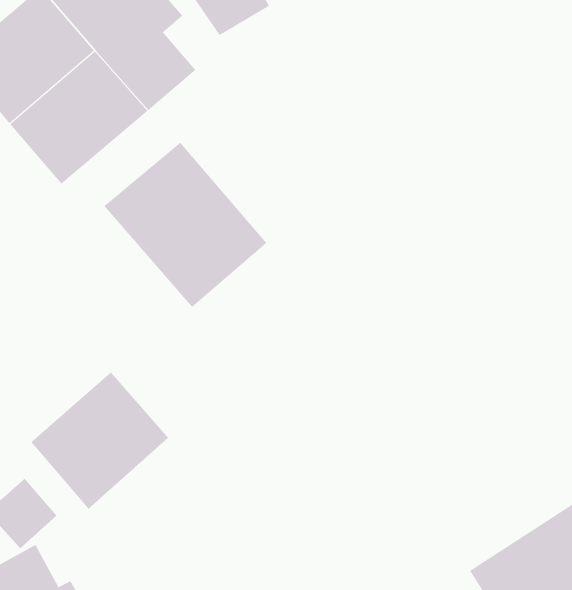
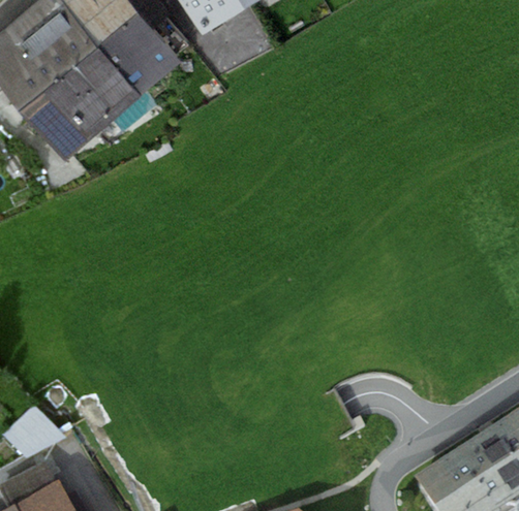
building: [104,142,267,308] -> none
building: [31,372,169,509] -> none

